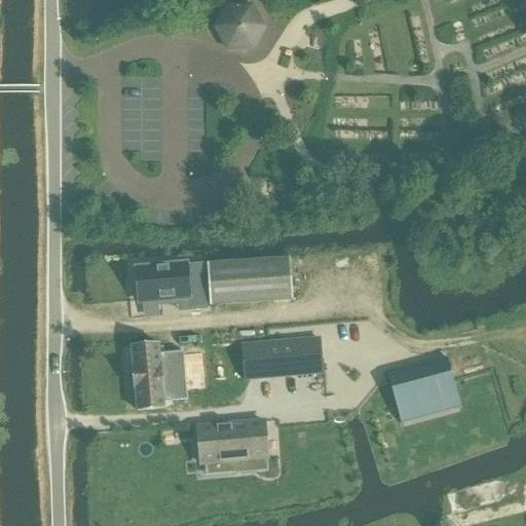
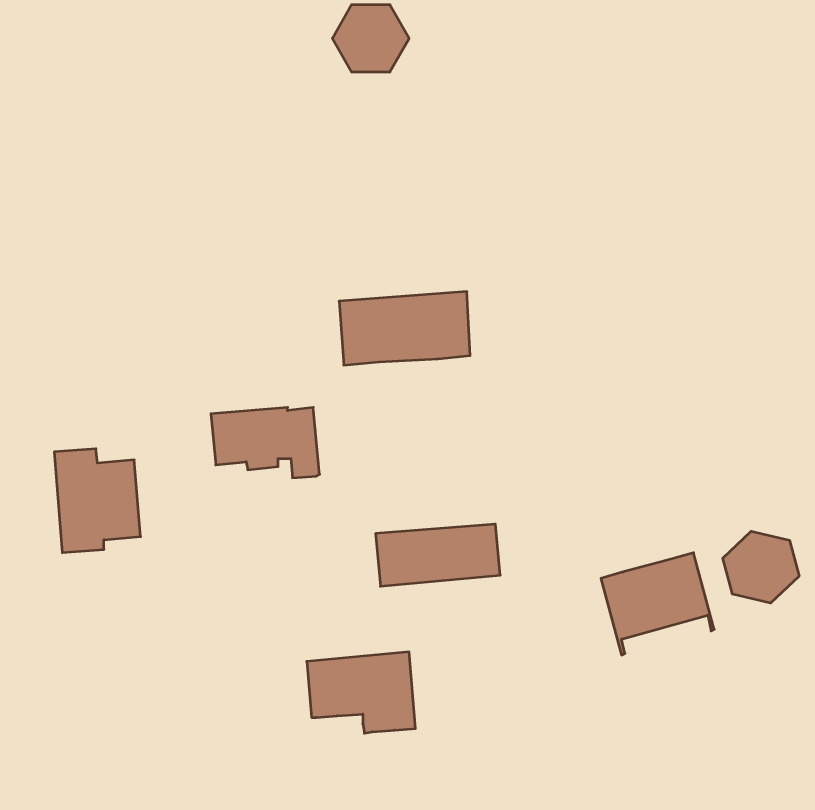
building: [206,256,291,303] -> [339,292,470,365]
building: [132,341,187,408] -> [54,449,141,553]
building: none -> [723,531,799,603]

